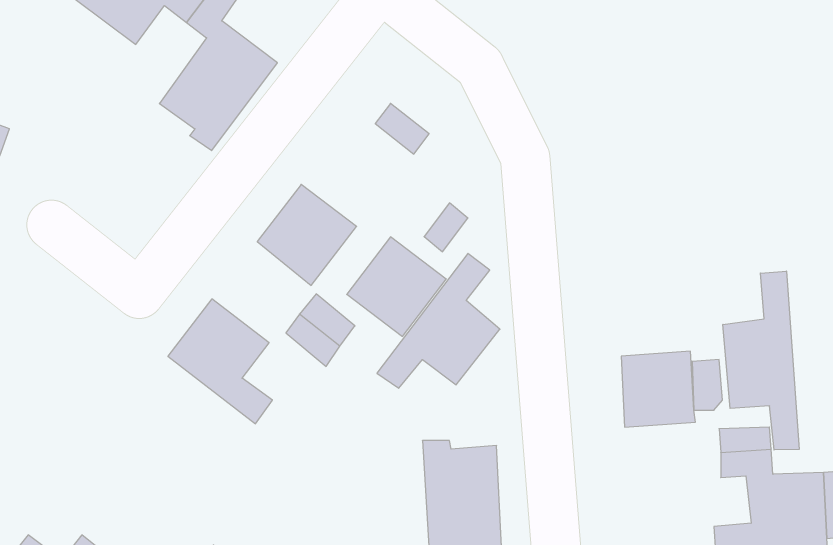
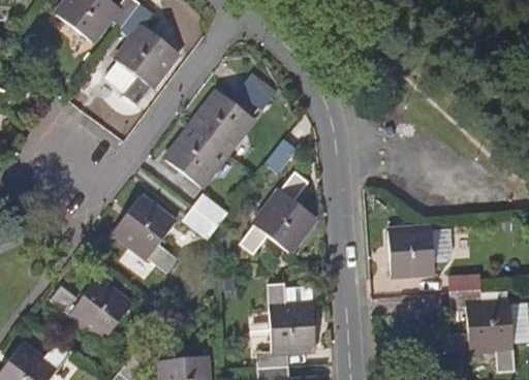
building: [347,237,446,336] -> [192,92,253,153]
building: [723,271,799,450] -> none
building: none -> [52,279,131,340]

